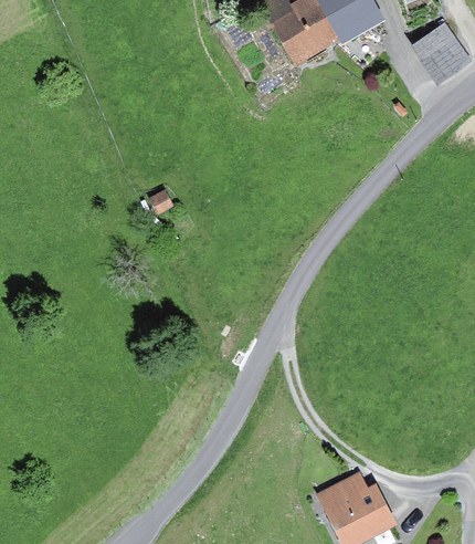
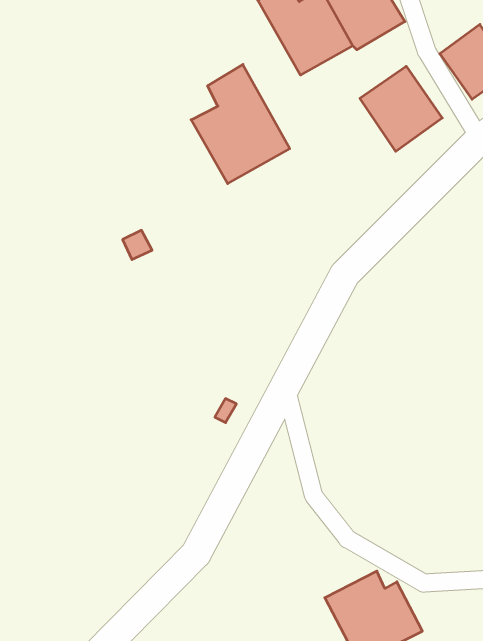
building: none -> [191,64,290,184]
building: none -> [360,66,442,151]

